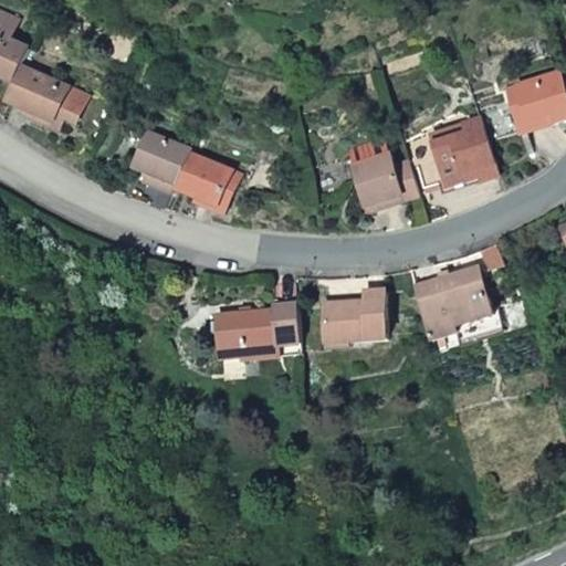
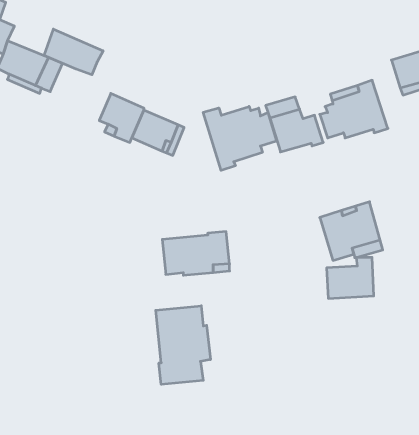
building: none -> [44,29,103,75]
building: none -> [203,106,277,170]
building: [324,291,384,343] -> [327,257,374,298]
building: none -> [156,306,210,384]

